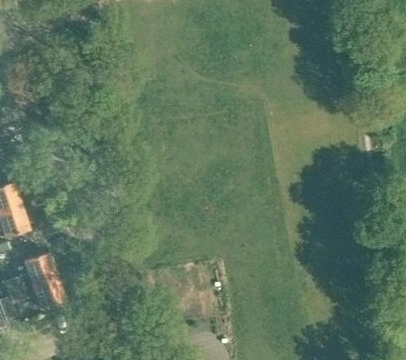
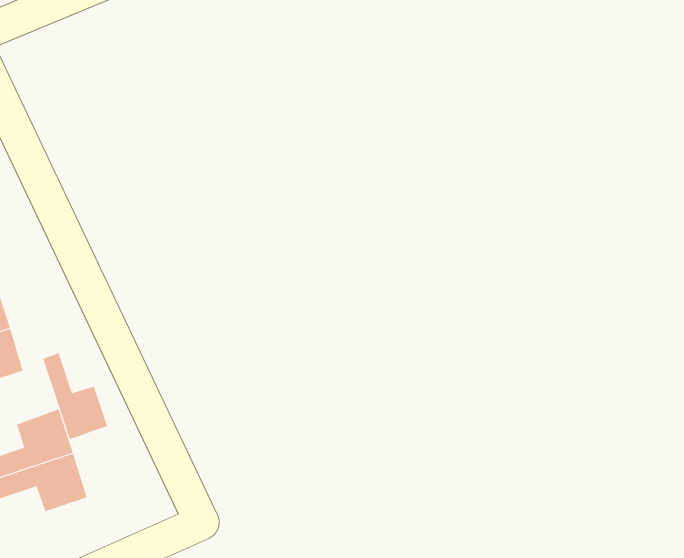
building: none -> [42,352,108,440]

